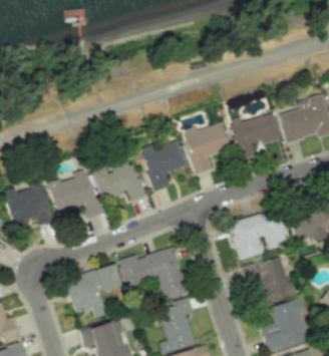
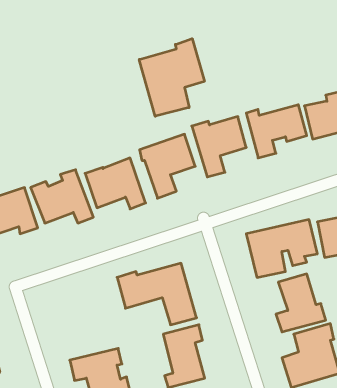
building: none -> [139,39,204,116]
building: [66,266,121,318] -> none

